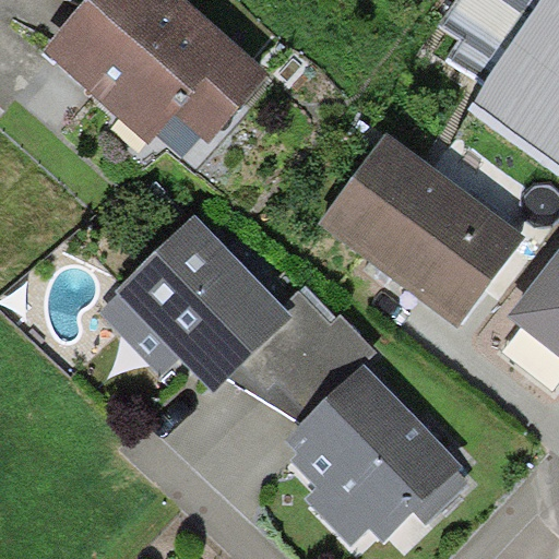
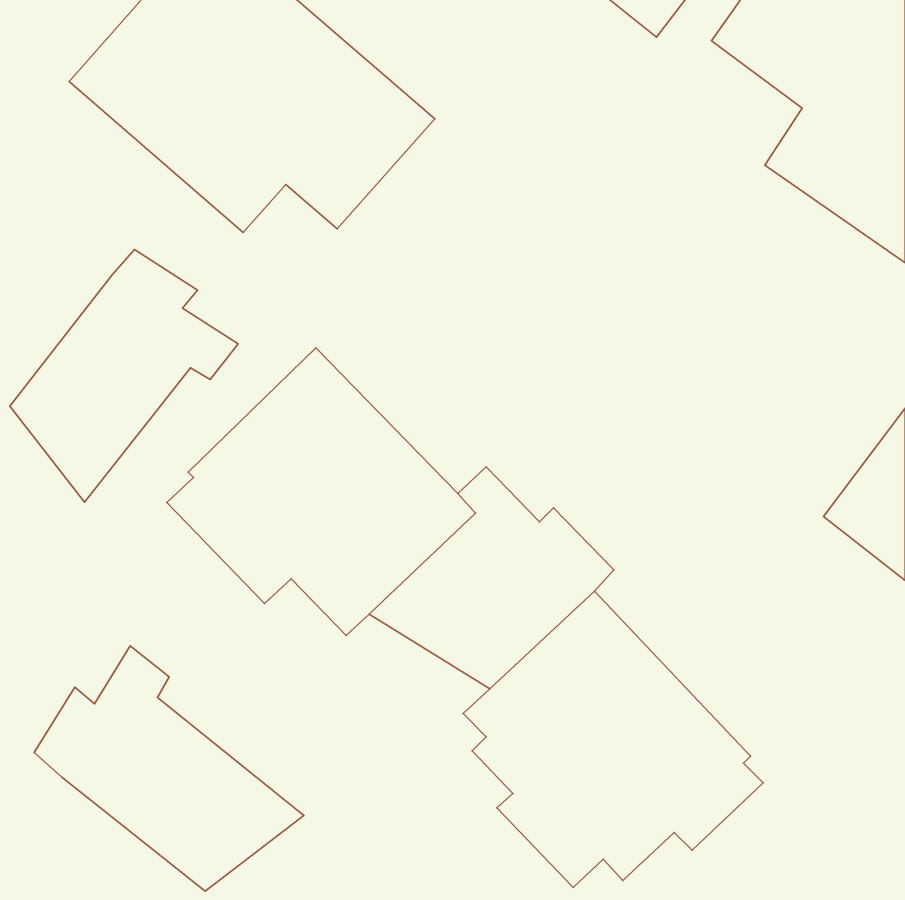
building: [321,133,526,326] -> none
building: none -> [10,249,238,502]
building: none -> [34,646,304,891]

